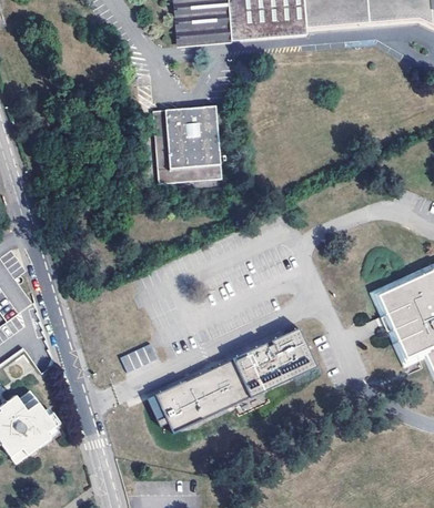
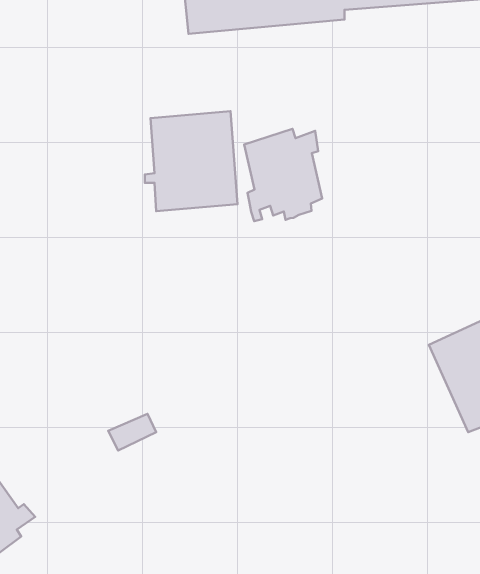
building: none -> [244,129,322,221]
building: [147,328,317,431] -> none

